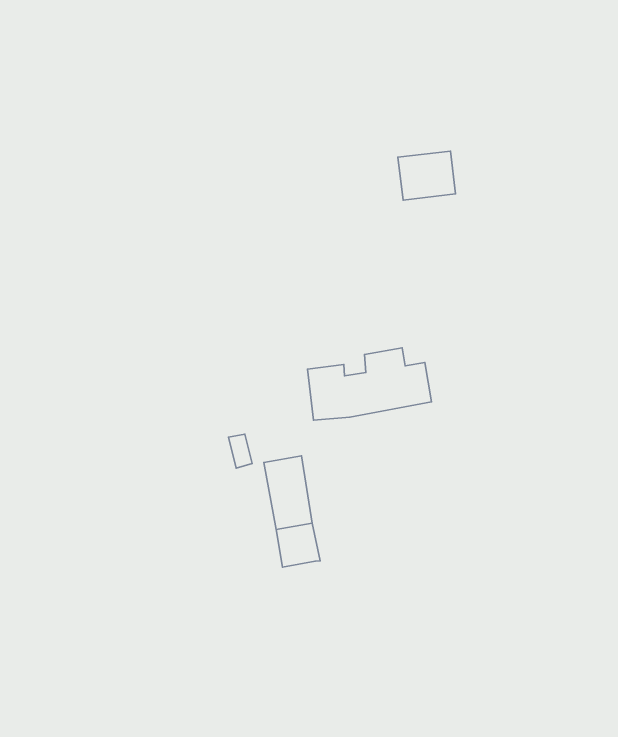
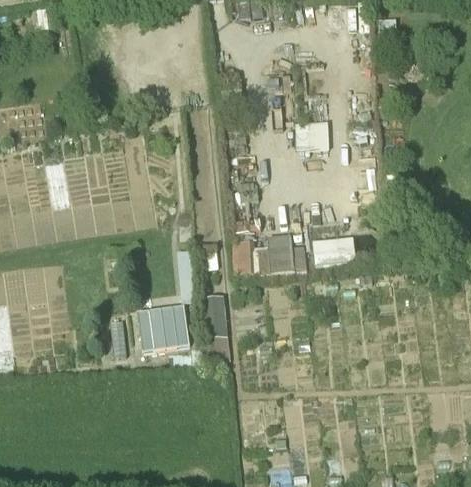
building: none -> [313,237,355,264]
building: none -> [136,304,189,351]

